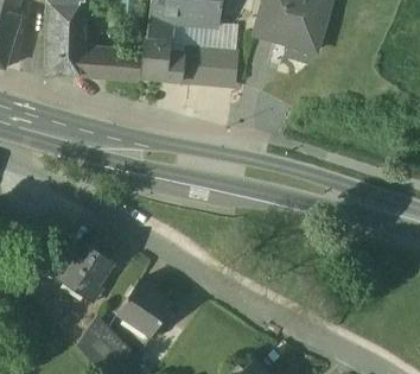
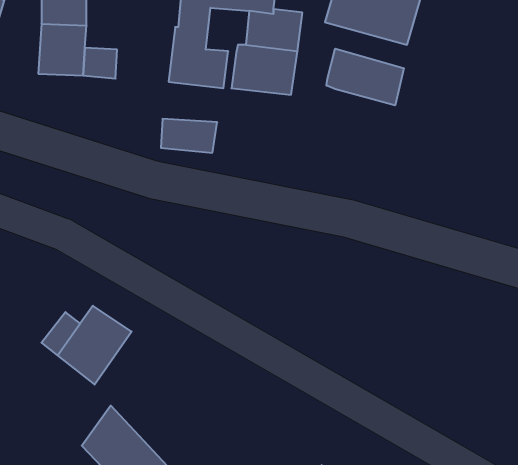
building: [167,23,199,56] -> none
building: none -> [326,49,404,105]
building: [101,53,142,78] -> [161,119,217,153]
building: [117,280,172,337] -> none

